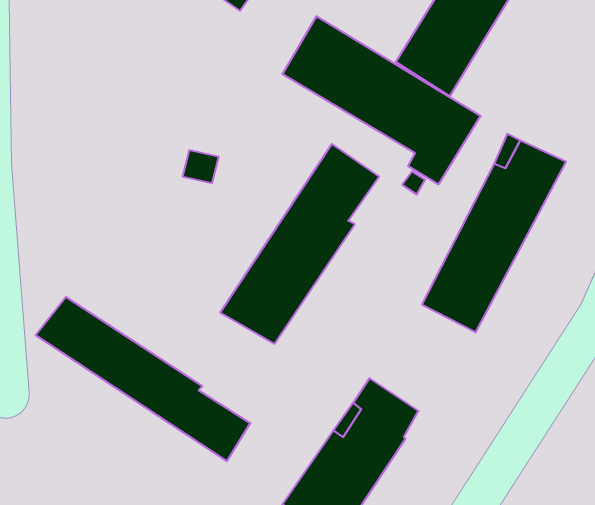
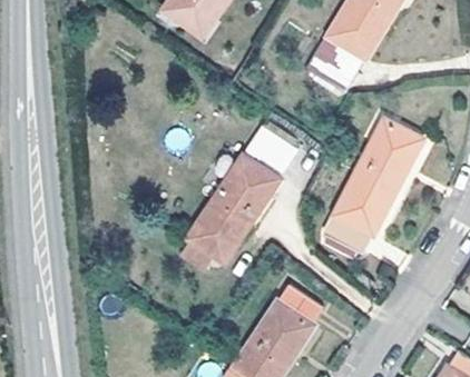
building: [282,16,481,184] -> none
building: [36,297,250,461] -> none

